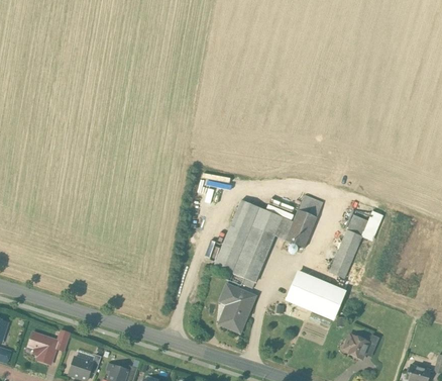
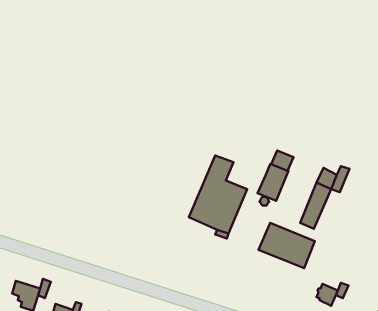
building: [251,207,293,240] -> none
building: [219,284,253,331] -> none

